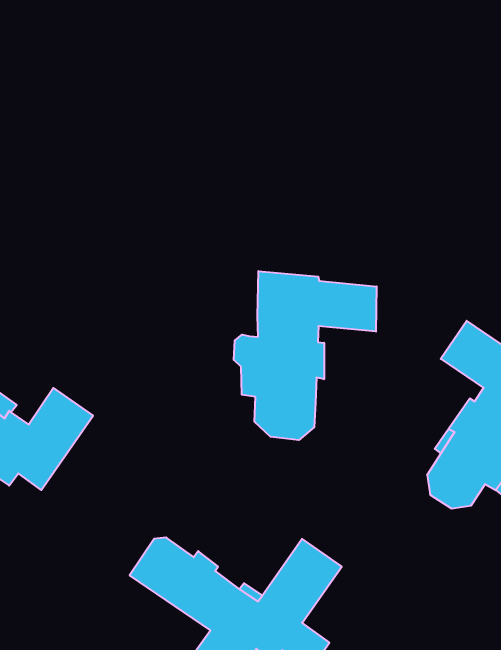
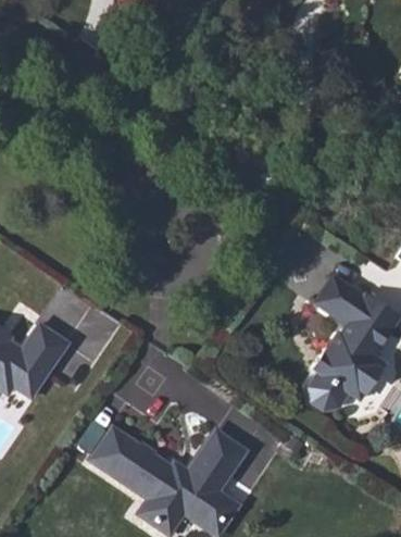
building: [234,271,377,440] -> none

